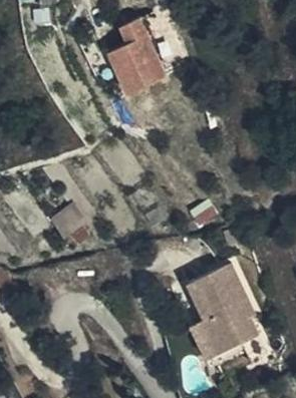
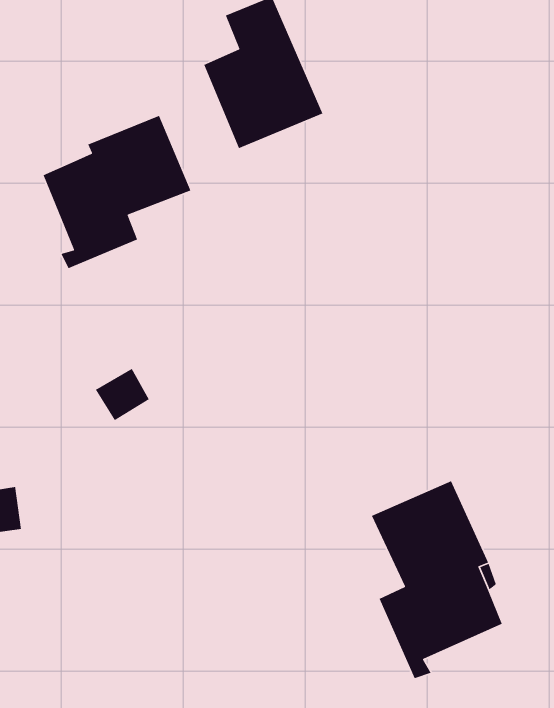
building: none -> [43,115,191,269]

